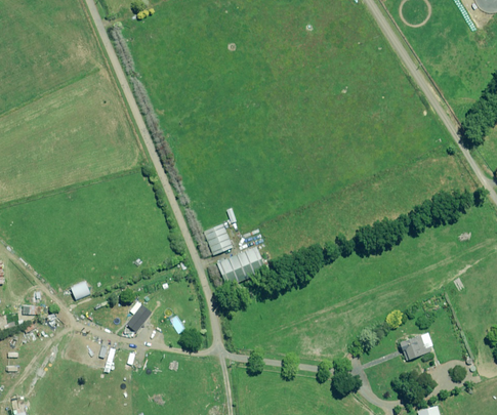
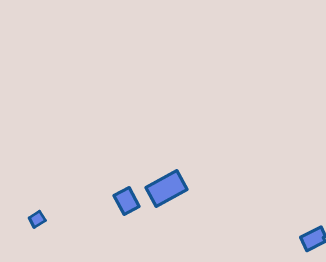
building: [203,222,233,255] -> [114,187,139,215]
building: [126,301,152,331] -> none

